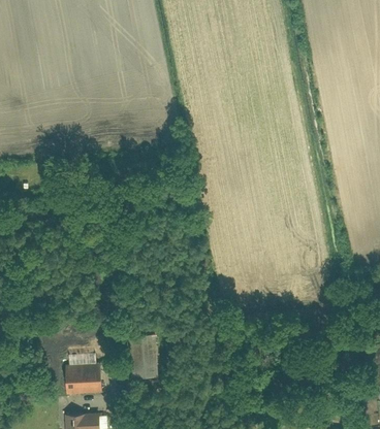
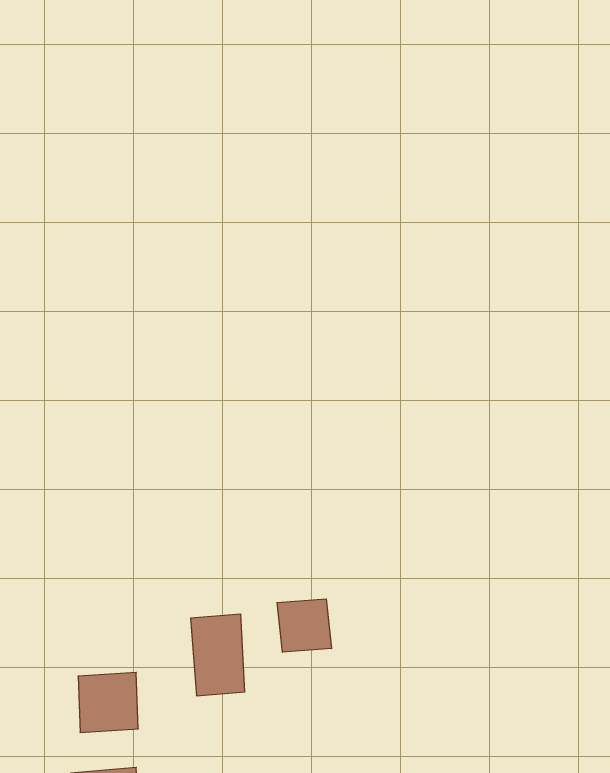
building: none -> [277,599,332,652]

